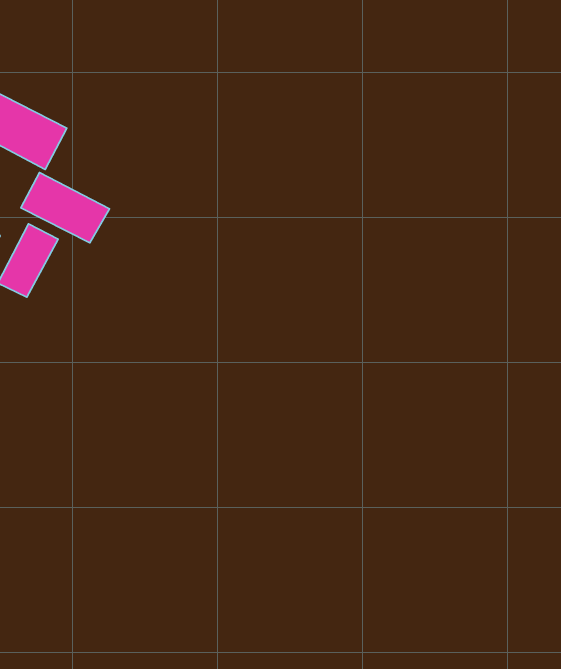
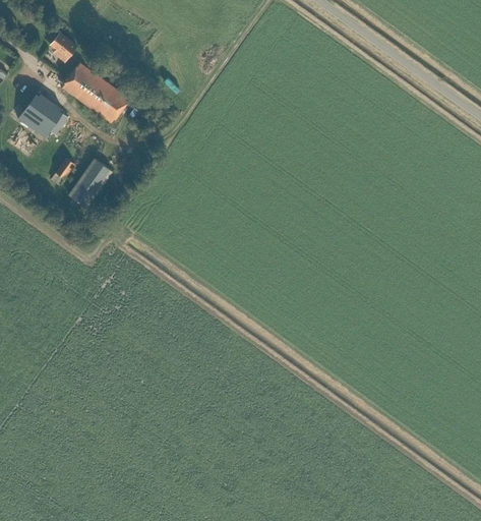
building: [21,172,109,243] -> none

